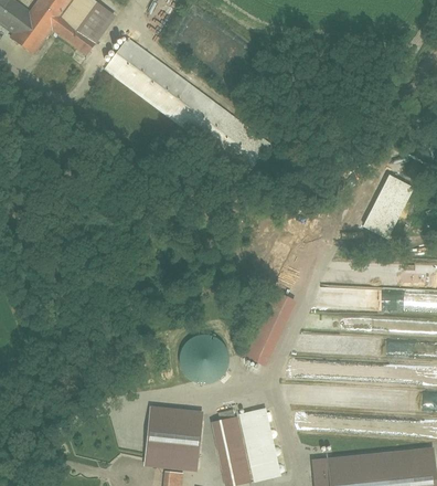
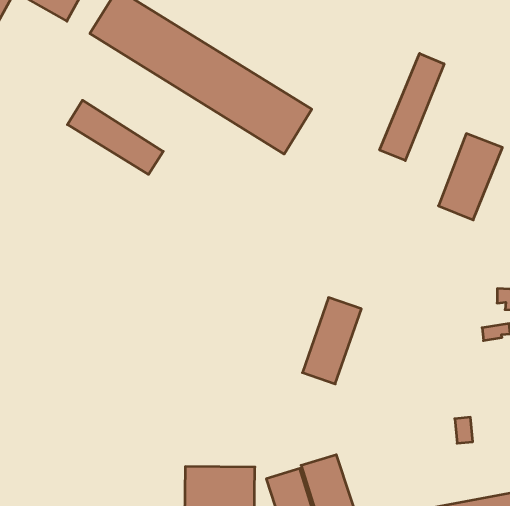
building: none -> [380,53,444,161]
building: none -> [67,100,163,174]
building: [180,334,233,389] -> none

